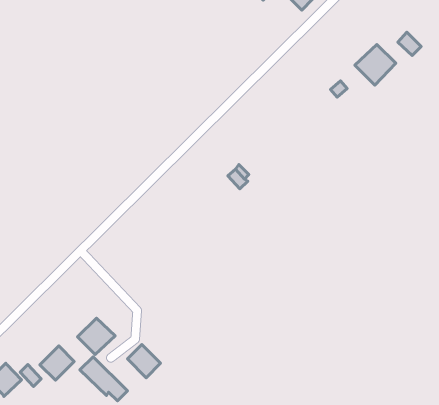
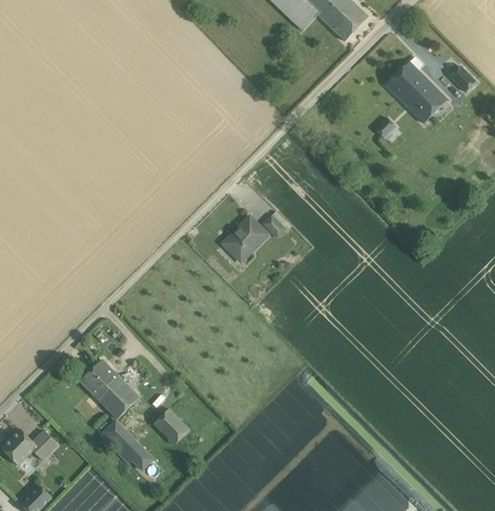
building: none -> [385,62,426,102]
building: none -> [221,218,267,259]
building: [40,346,74,380] -> [81,362,119,400]

